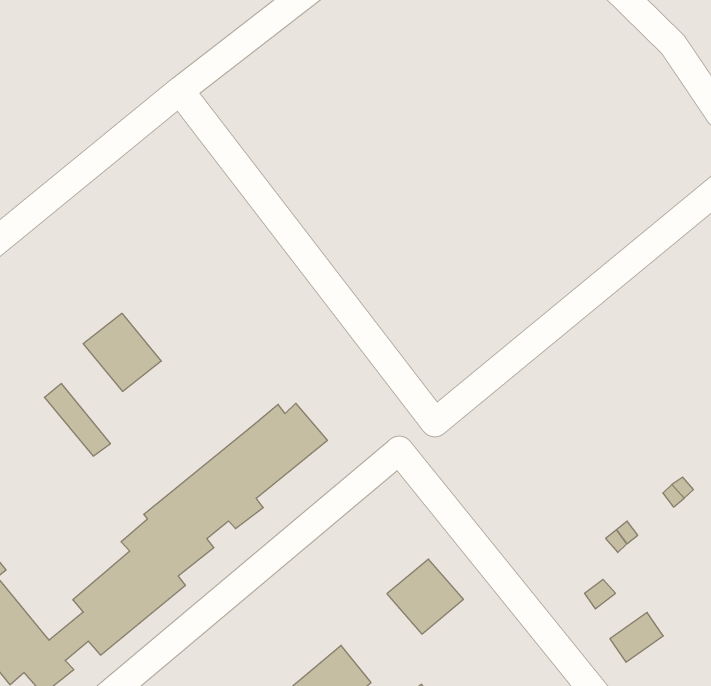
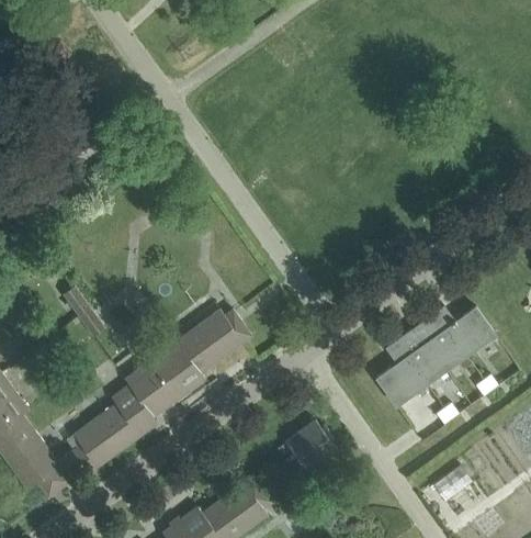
building: [83,313,161,391] -> none
building: none -> [375,309,494,406]

